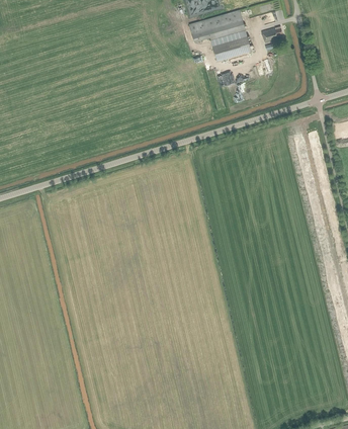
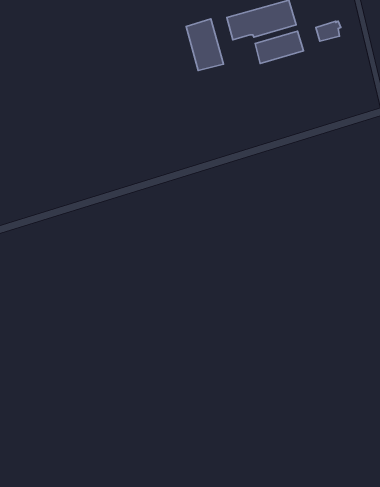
building: none -> [186,19,224,71]

